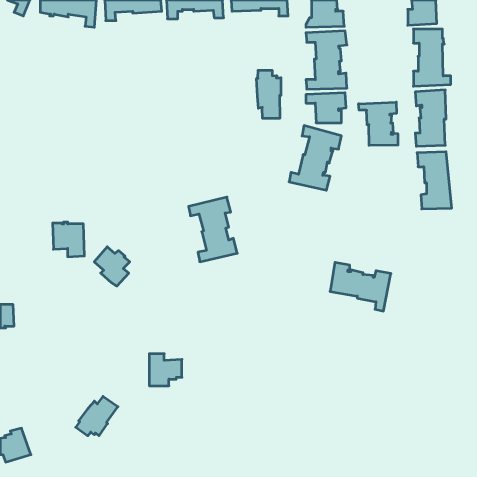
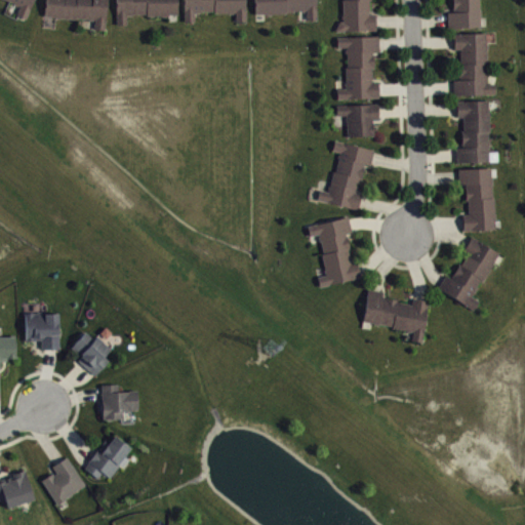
building: [257,70,281,118] -> none
building: [359,102,398,145] -> none
building: [189,197,237,262] -> [308,216,361,287]
building: none -> [438,237,498,311]
building: [53,222,84,257] -> [25,312,59,350]
building: [94,247,130,286] -> [71,332,110,375]
building: [149,354,182,386] -> [102,385,137,419]
building: none -> [41,456,86,504]

